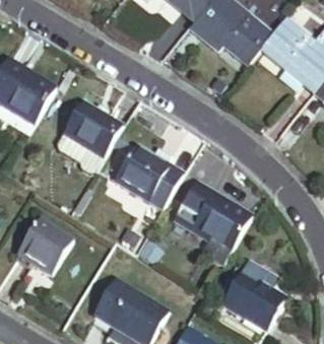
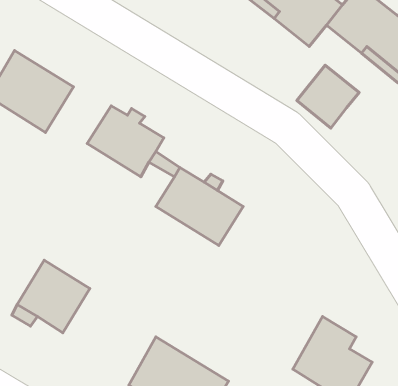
building: none -> [297,65,359,128]
building: [63,134,112,178] -> none
building: [181,187,257,268] -> none

